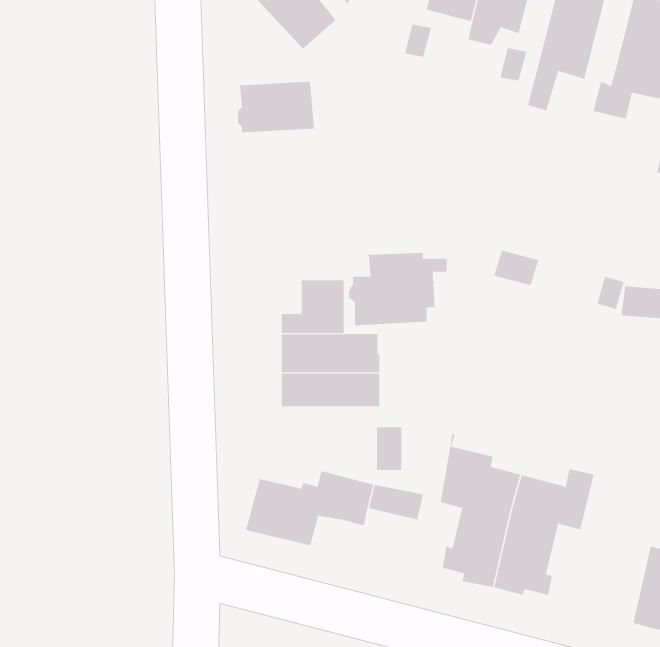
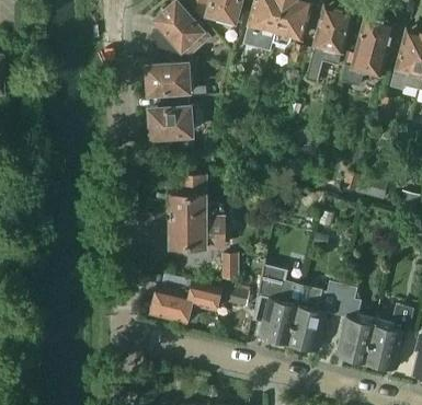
building: [348,252,447,326] -> [147,96,202,137]
building: none -> [334,282,374,364]

